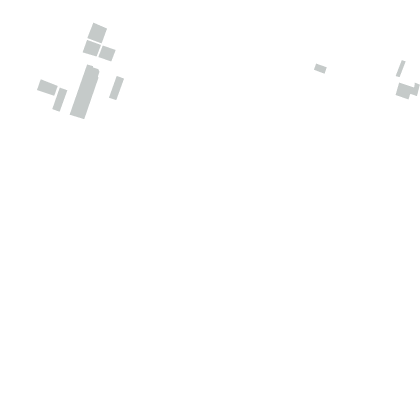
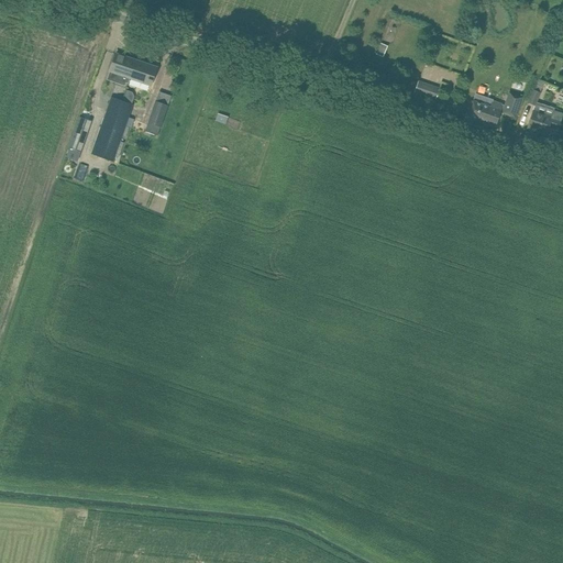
building: [86,21,108,45] -> none
building: none -> [467,91,523,124]
building: [36,78,59,97] -> none

